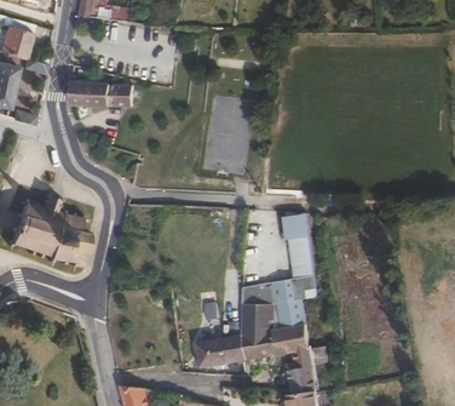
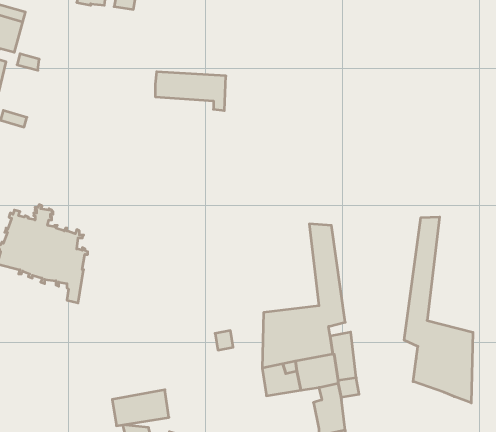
building: [70,81,132,115] -> [155,72,226,111]
building: none -> [404,217,473,403]
building: [196,334,246,366] -> [112,390,169,426]

